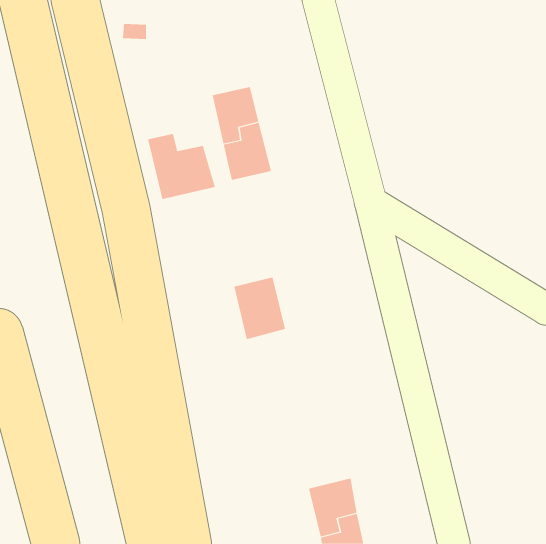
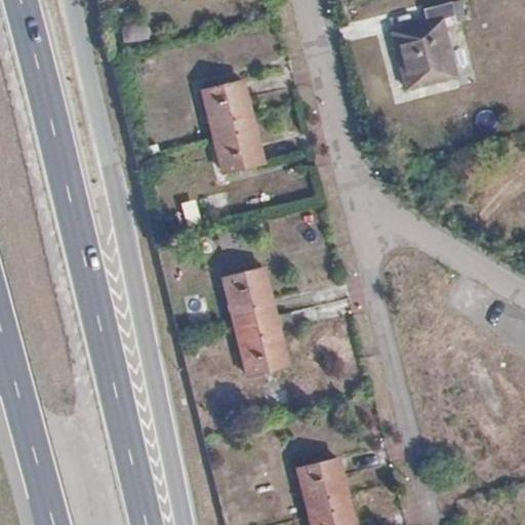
building: none -> [404,11,472,87]
building: [148,133,216,200] -> none
building: none -> [236,316,286,374]

